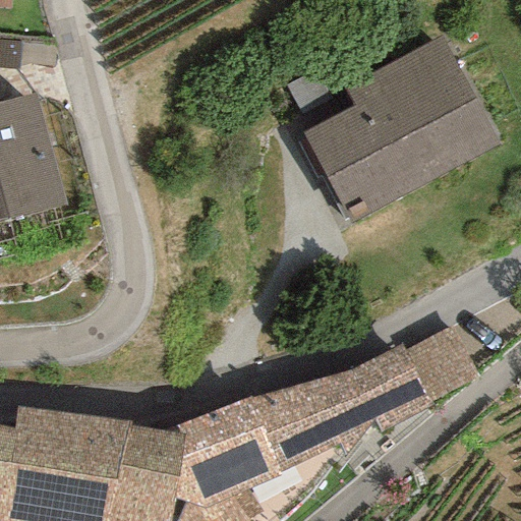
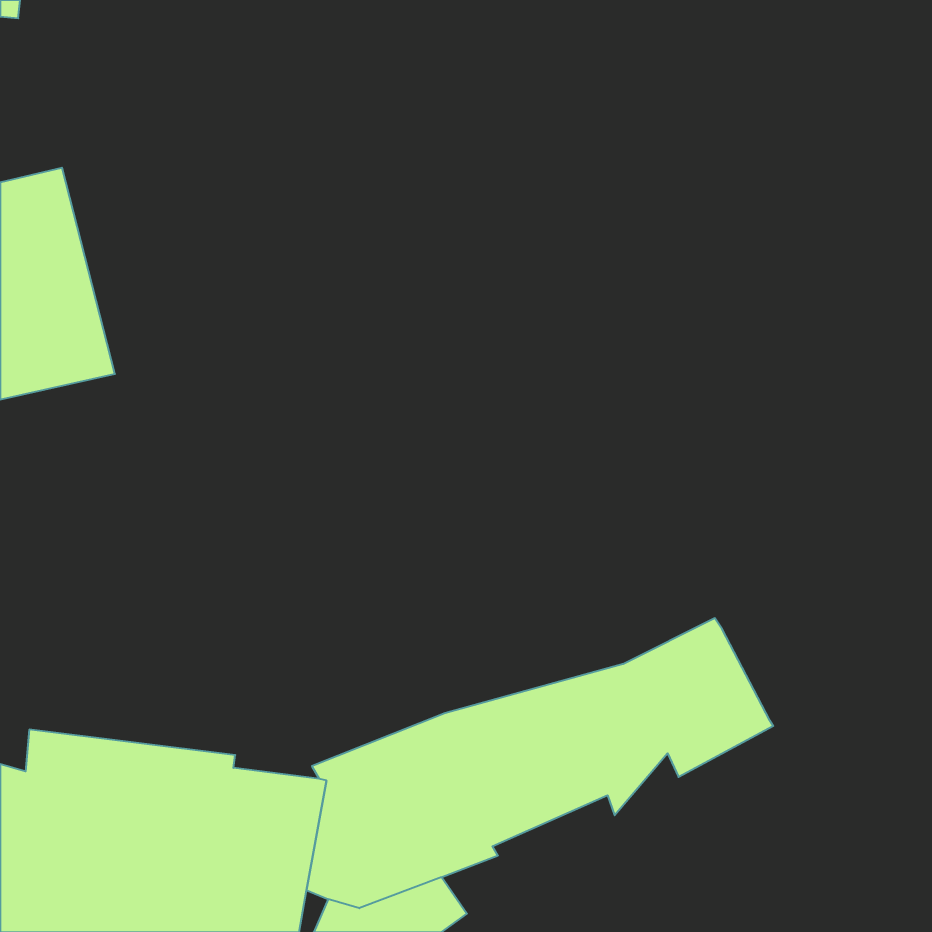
building: [301,38,501,225] -> none
building: [403,326,477,402] -> none

